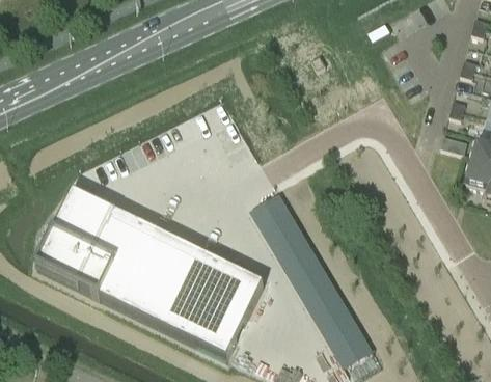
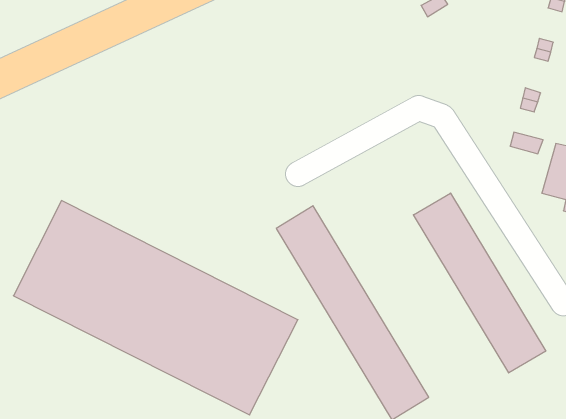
building: none -> [413,193,546,373]

